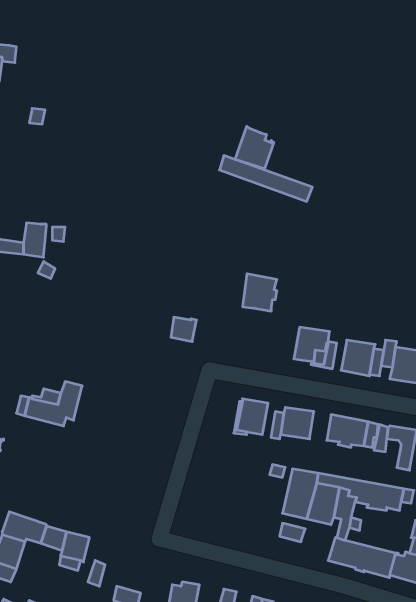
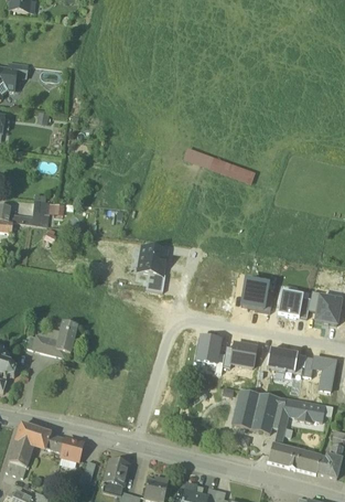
building: [235,126,274,169] -> none
building: [243,274,277,311] -> [139,246,165,275]
building: none -> [104,458,129,485]

